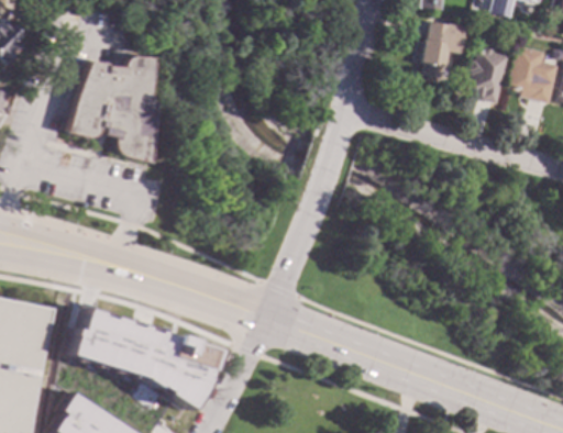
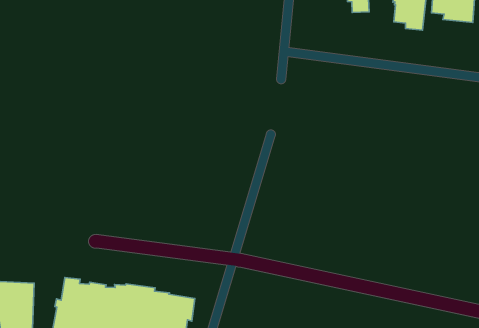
building: [69,55,154,160] -> none

